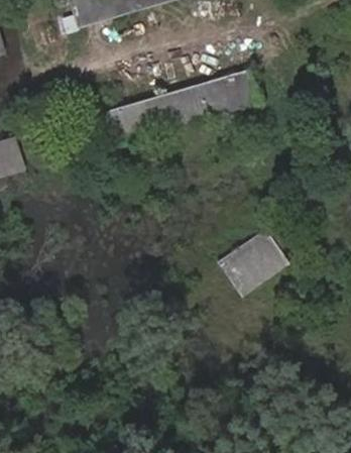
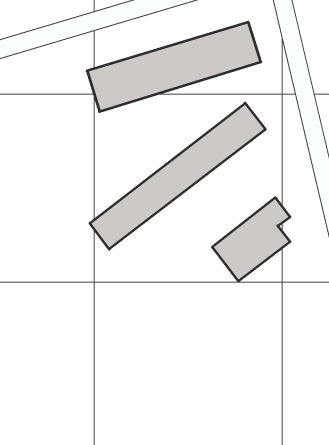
building: none -> [90,103,265,249]

